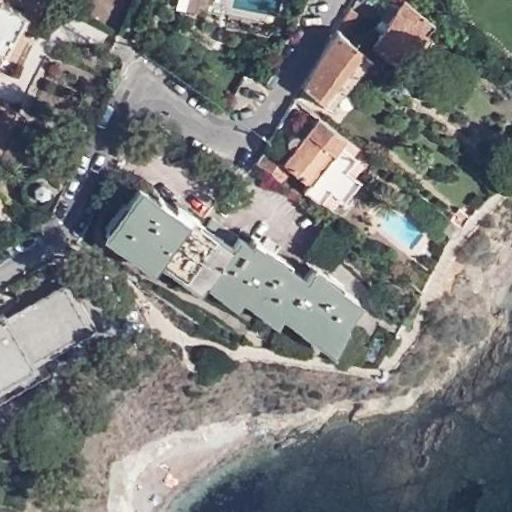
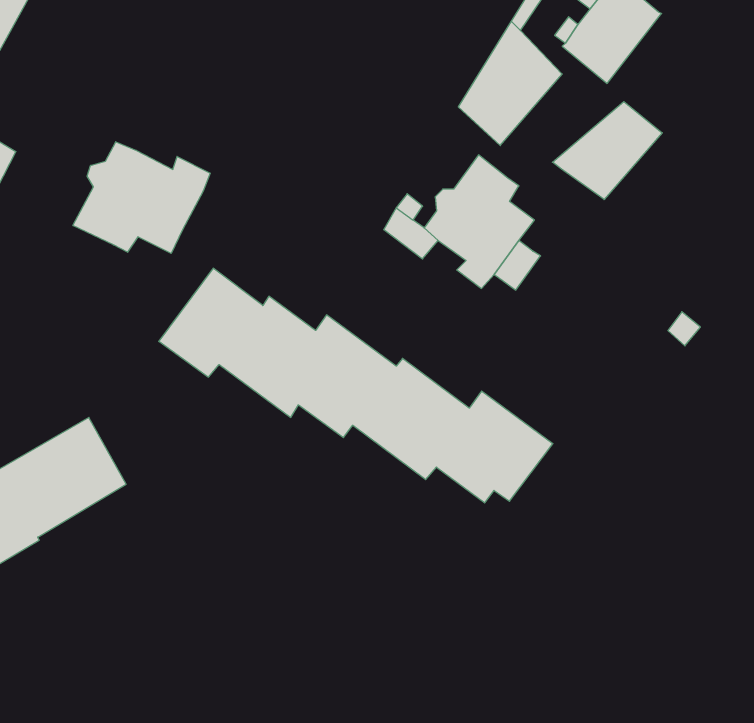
building: none -> [552,102,662,200]
building: none -> [73,142,210,253]

